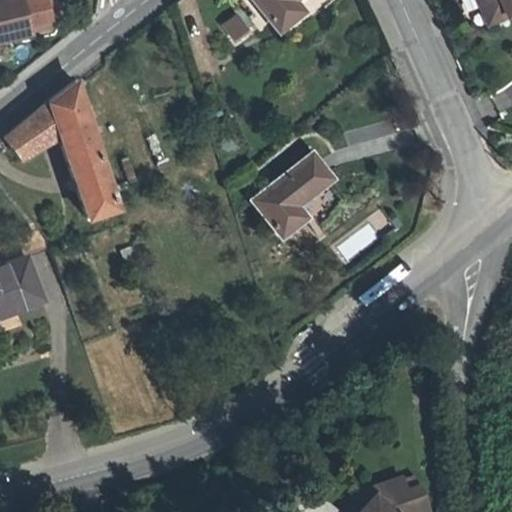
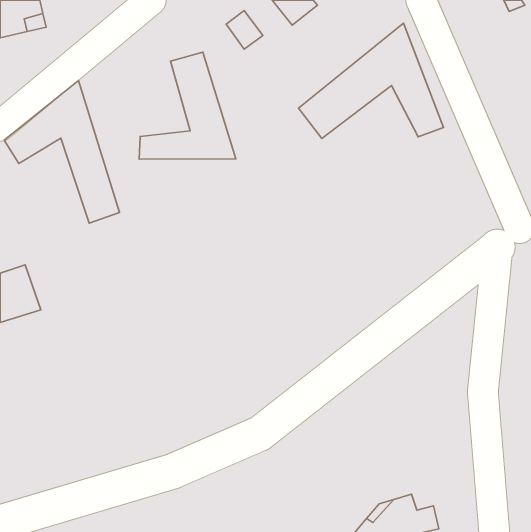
building: none -> [299,23,444,139]
building: none -> [139,52,236,159]
building: [259,150,335,232] -> none

